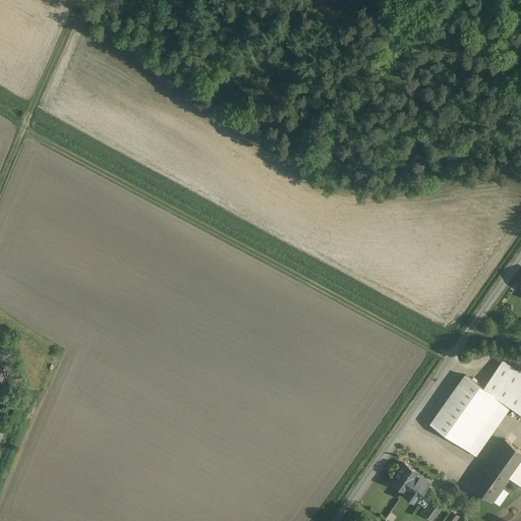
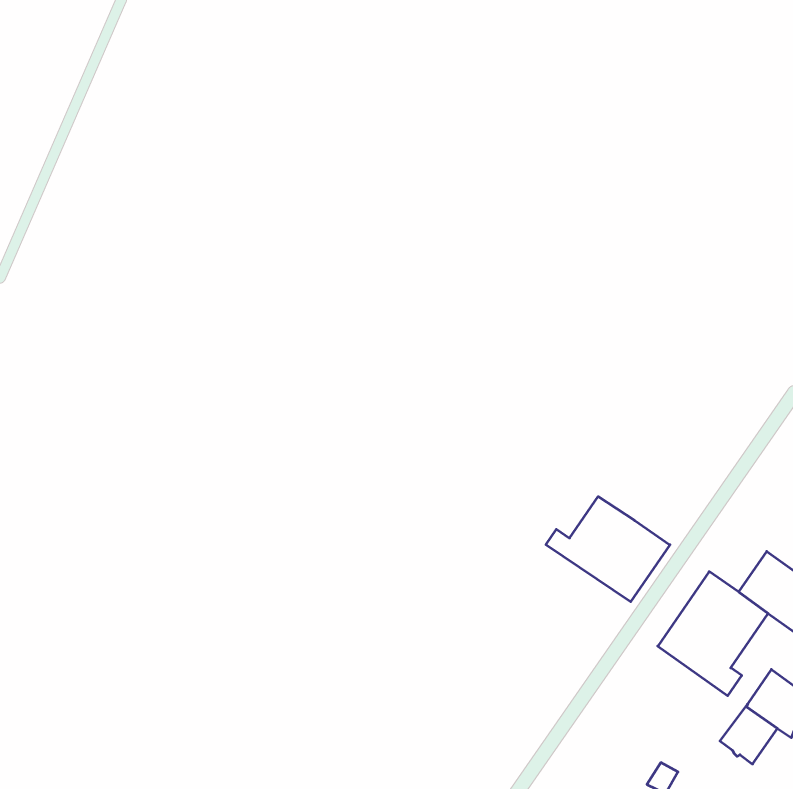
building: none -> [546,497,670,602]
building: [391,465,429,503] -> none

